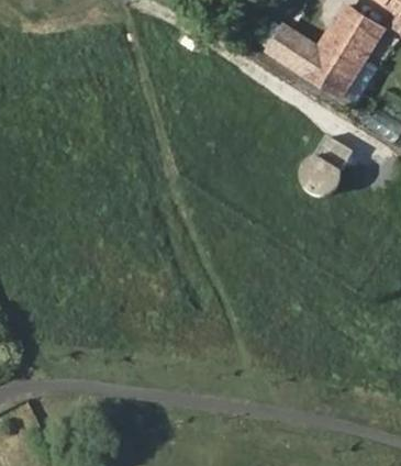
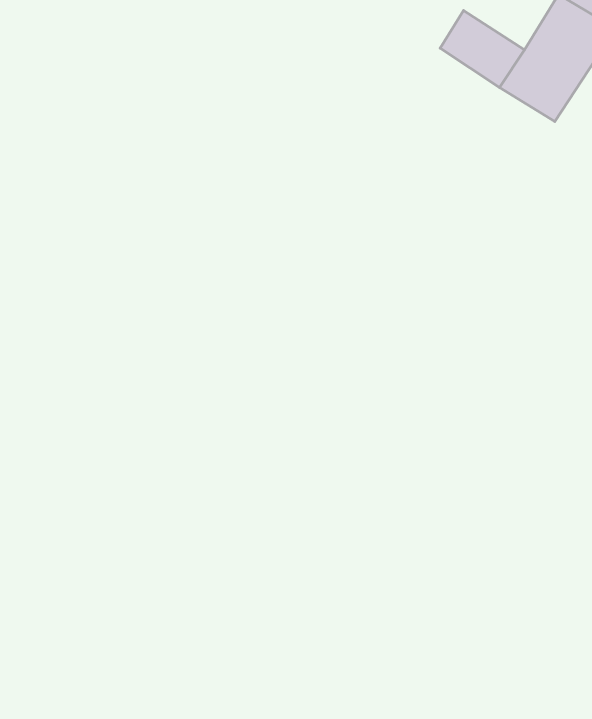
building: [298,138,354,196] -> none

